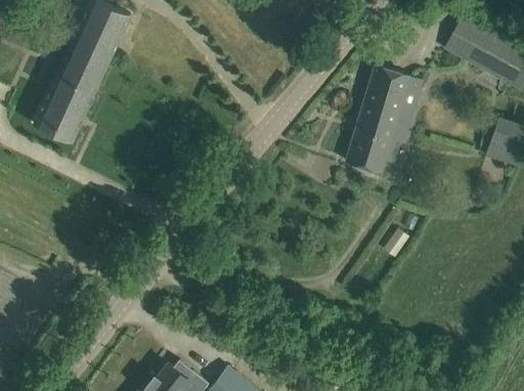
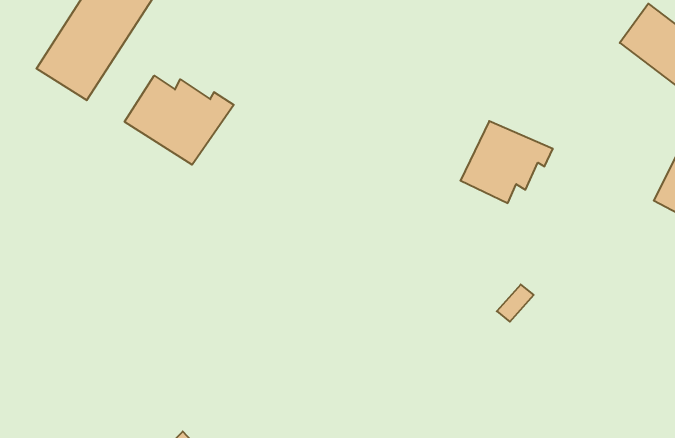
building: [359,64,423,130] -> none
building: none -> [125,76,234,165]

